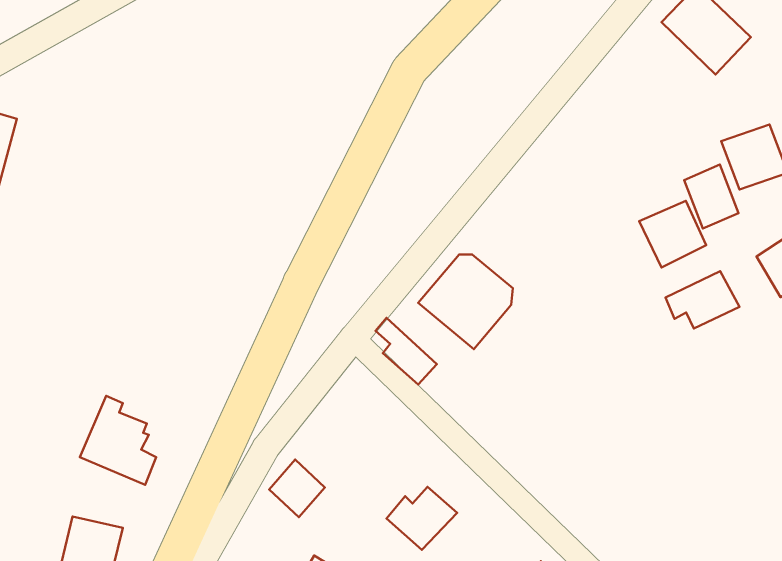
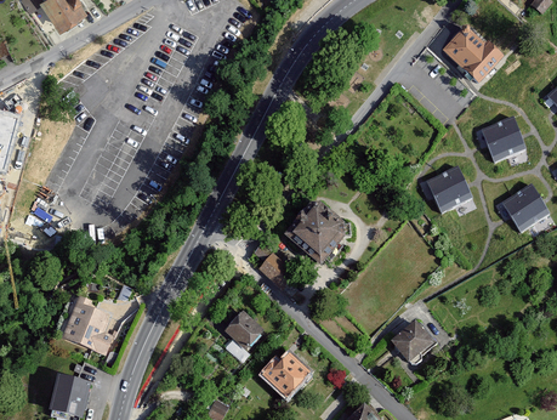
building: [684,165,739,229] -> none
building: [666,271,740,328] -> none
building: none -> [392,320,432,361]
building: [269,460,325,517] -> [226,311,262,348]

